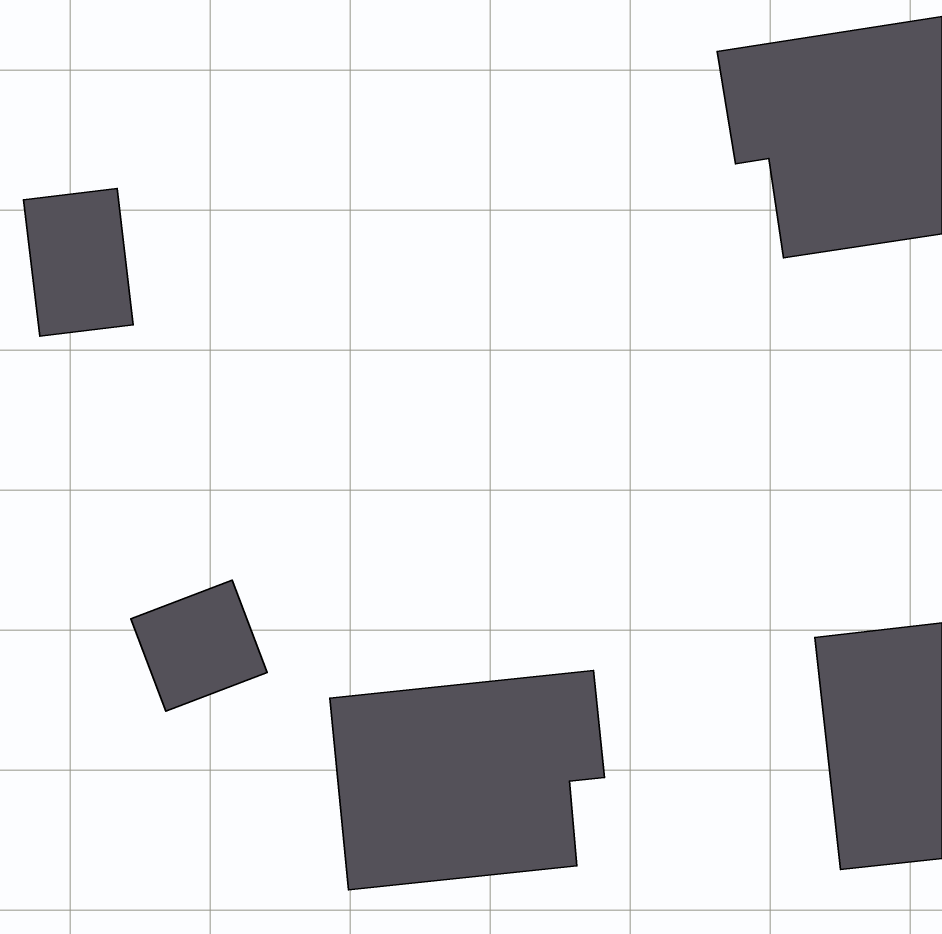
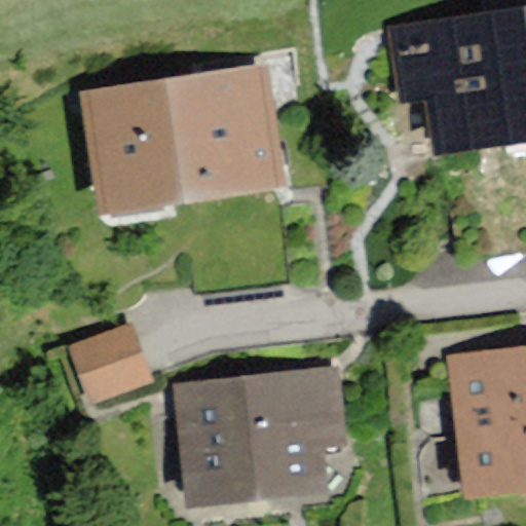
building: none -> [92,75,276,194]
building: [24,188,133,336] -> none

